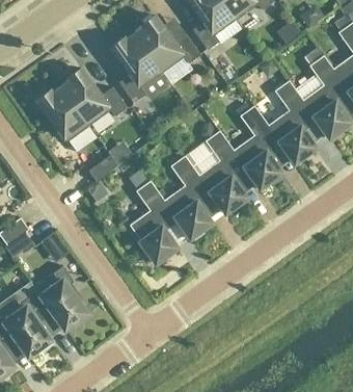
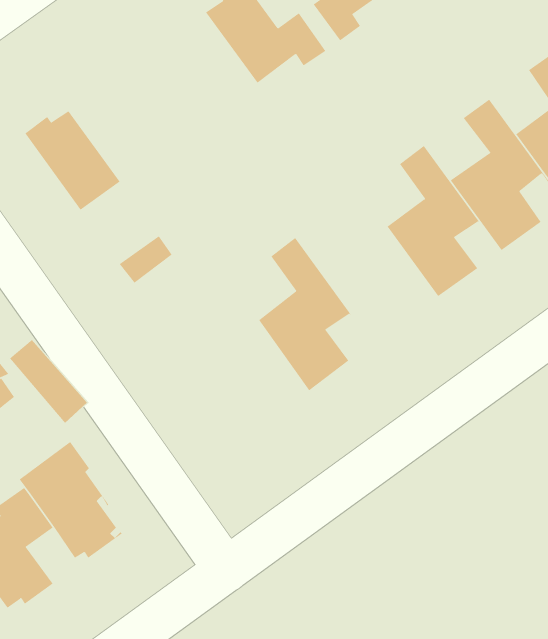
building: [111,33,163,102] -> none
building: [61,68,127,125] -> none
building: [184,130,261,212] -> none
building: [130,180,191,263] -> none

